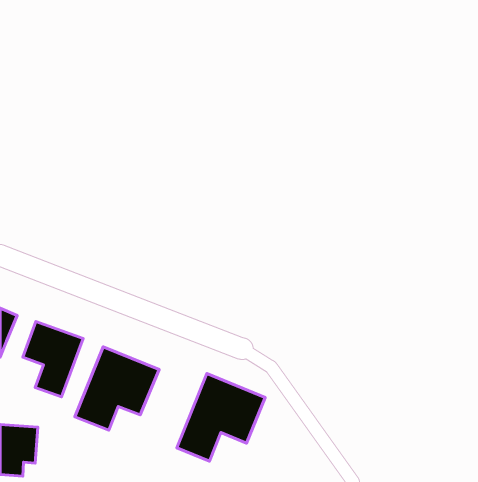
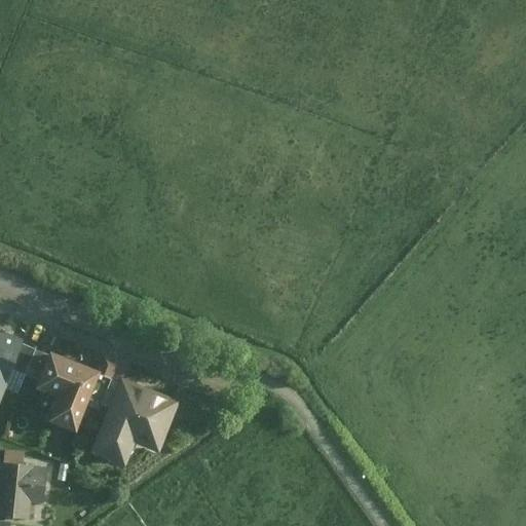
building: none -> [13,343,41,377]
building: [177,373,265,461] -> none

